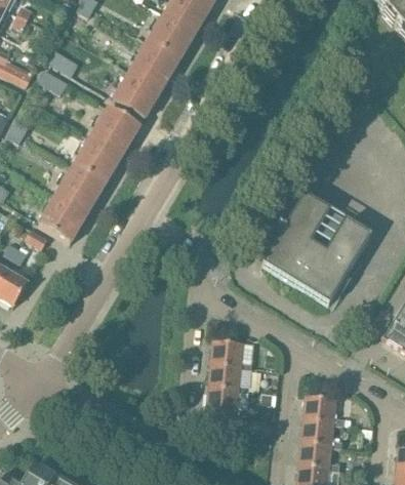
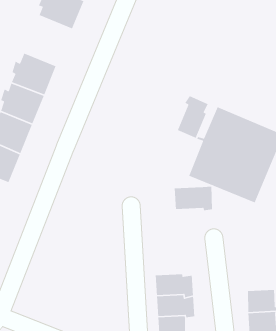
building: [111,69,162,118] -> none
building: none -> [177,95,209,139]
building: [210,339,253,369] -> [174,186,213,211]

